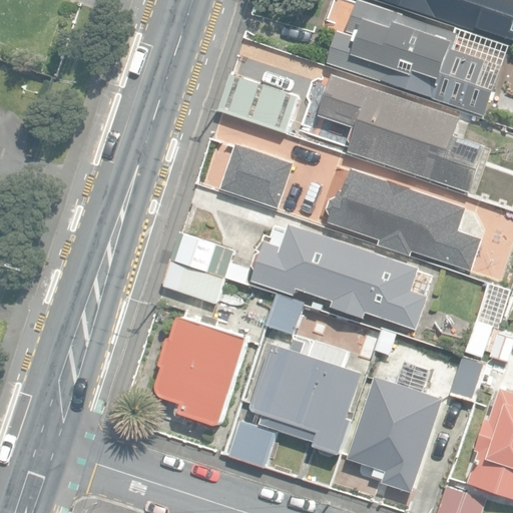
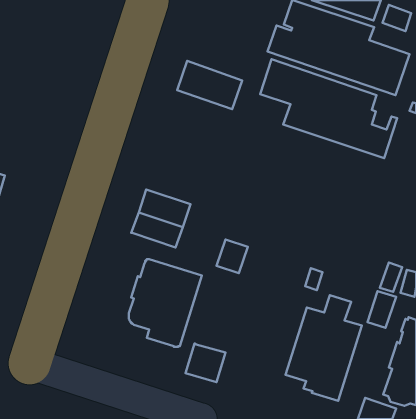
building: [218,142,292,206] -> none
building: [326,167,483,274] -> none
building: [250,222,429,329] -> none
building: [253,339,363,456] -> none

